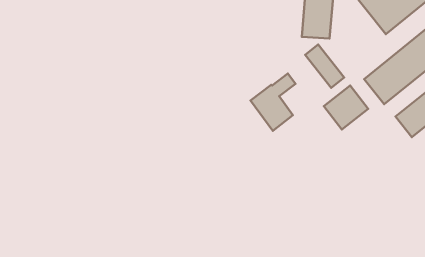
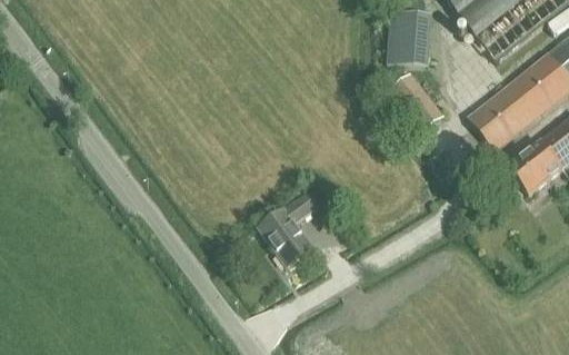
building: [250,74,295,131] -> [259,190,317,264]
building: [324,85,368,129] -> none

